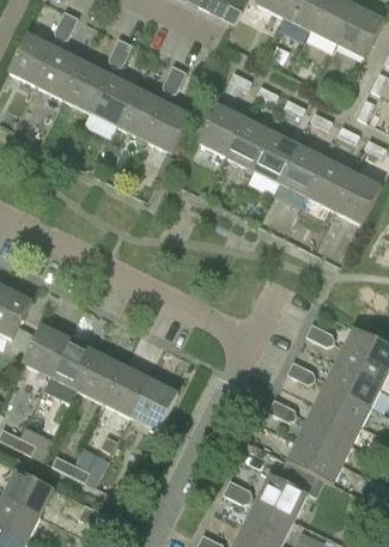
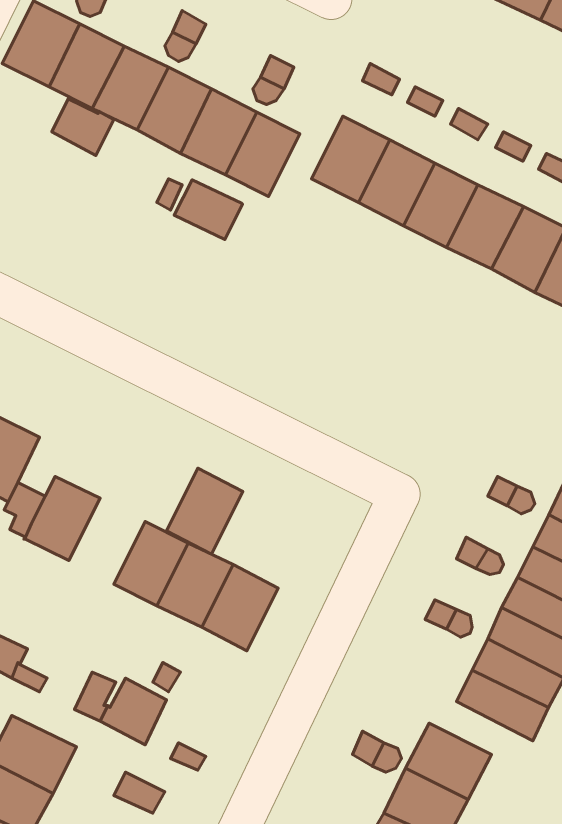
building: none -> [52,99,114,156]
building: none -> [174,180,243,240]
building: [49,336,96,389] -> [167,468,243,554]

